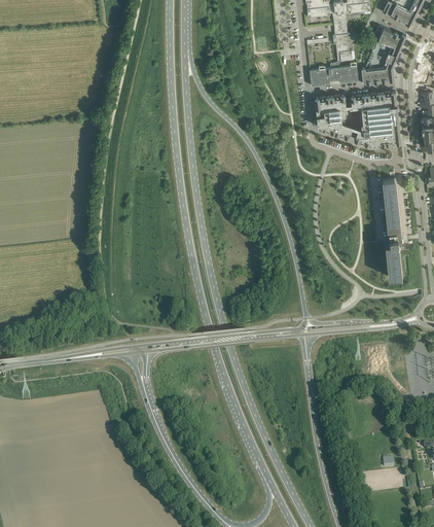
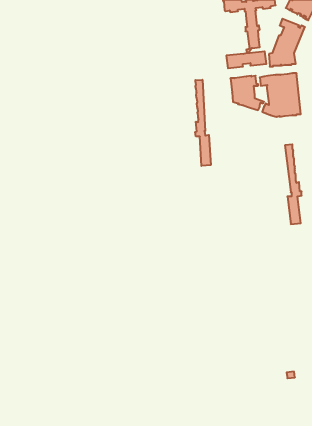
building: none -> [195,80,211,166]

